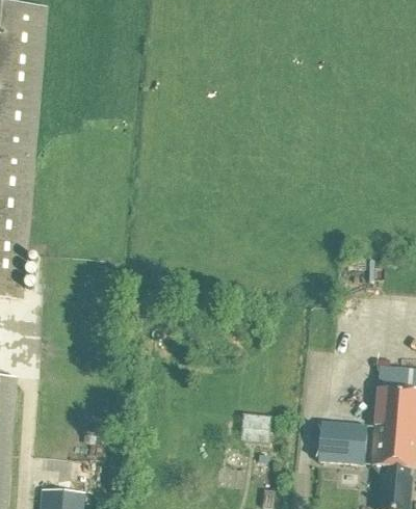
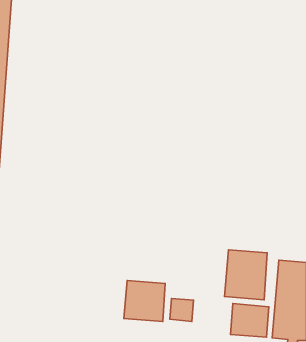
building: none -> [224,250,267,300]
building: none -> [124,281,165,321]

